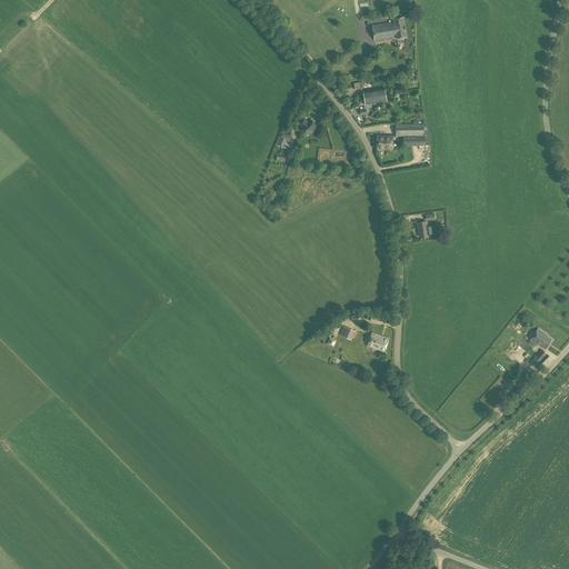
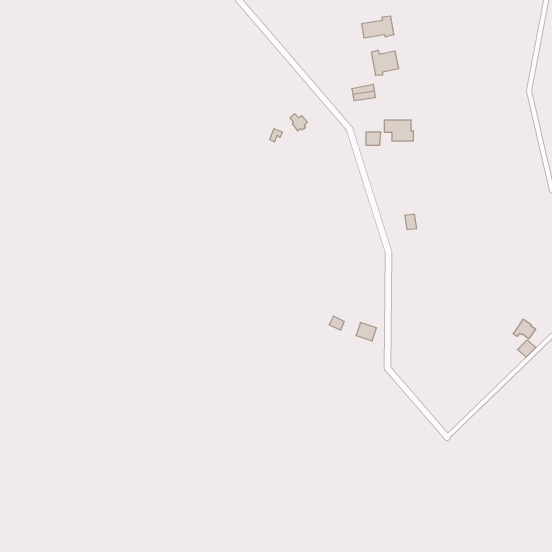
building: none -> [372,50,398,76]

